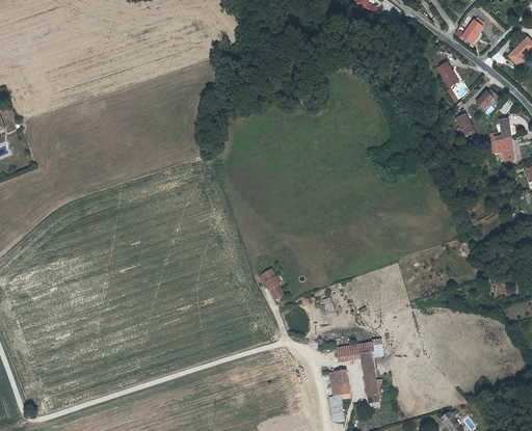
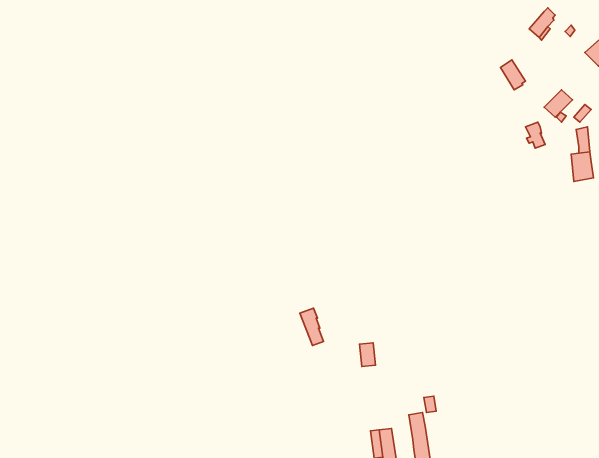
building: [335,342,371,361] -> none

